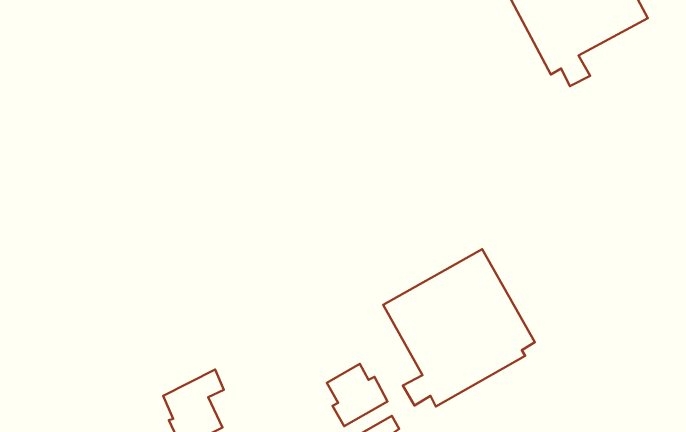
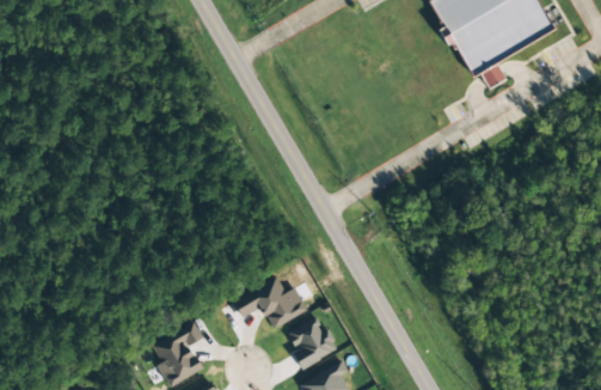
building: [383,249,535,406] -> none
building: none -> [233,278,307,328]

